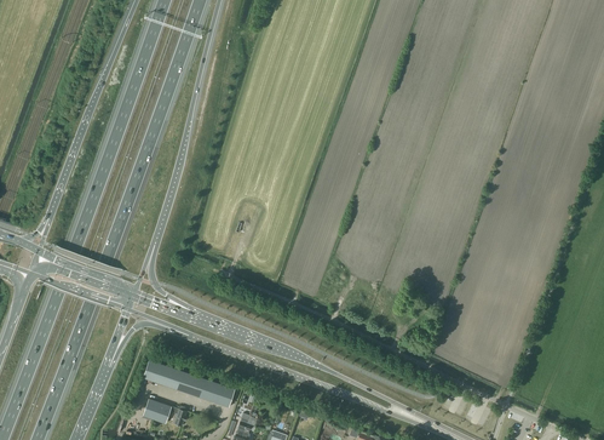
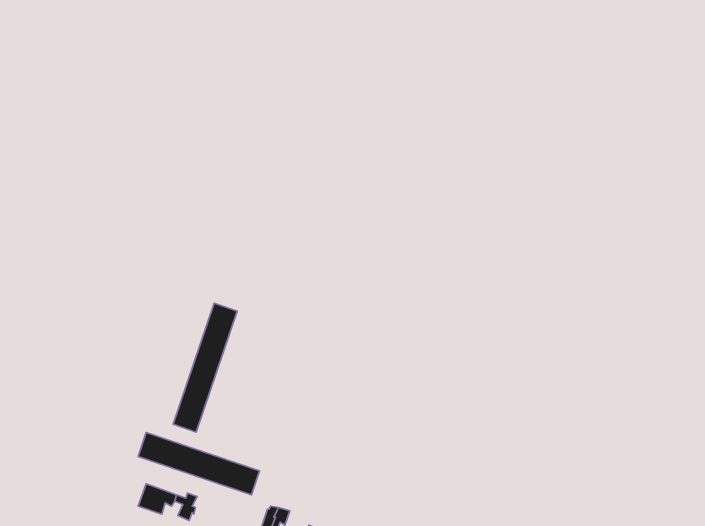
building: none -> [173,303,237,432]

